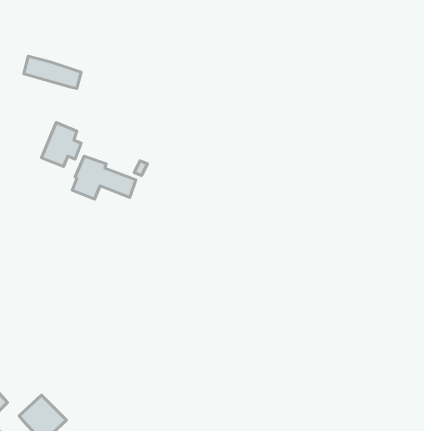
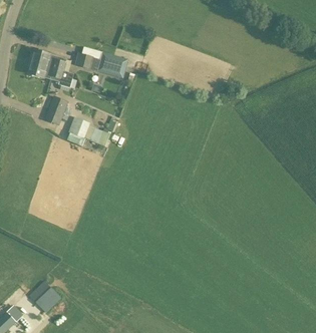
building: none -> [73,53,126,78]
building: none -> [27,62,73,88]

